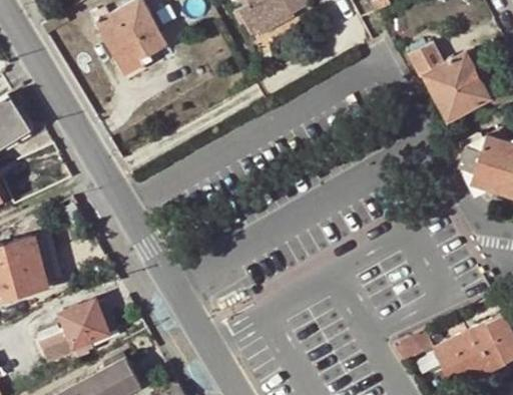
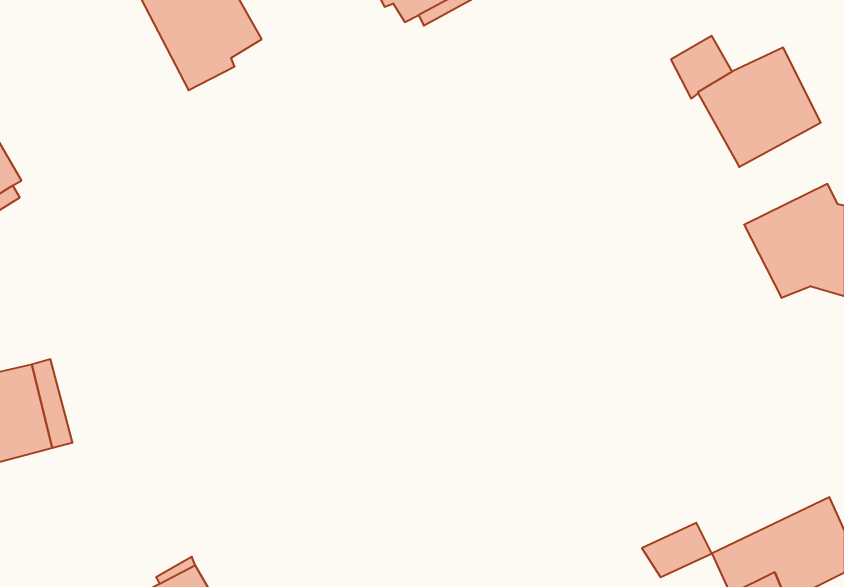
building: [36,300,120,358] -> none

